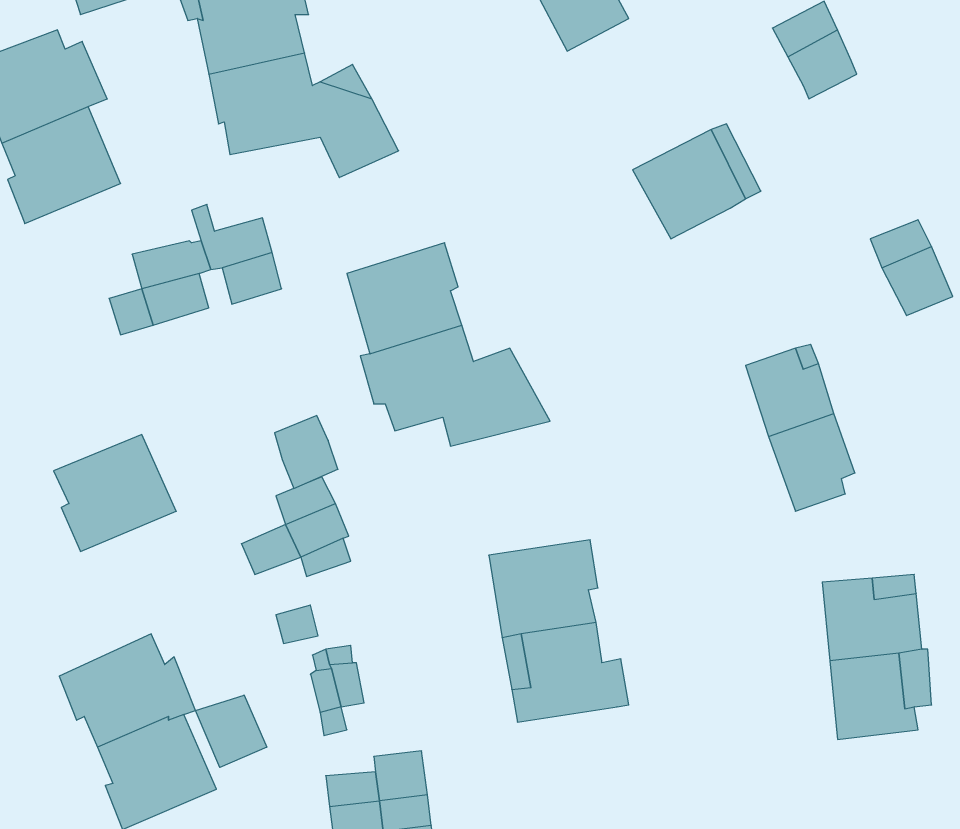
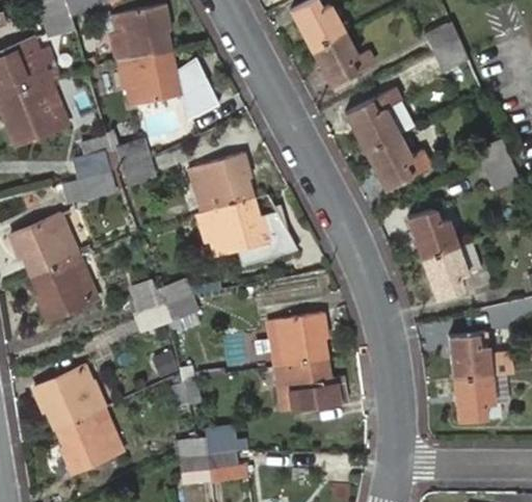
building: none -> [311,31,373,85]
building: none -> [367,134,431,189]
building: none -> [11,215,80,276]
building: [275,416,338,488] -> [124,276,158,316]
building: [195,695,267,767] -> none

